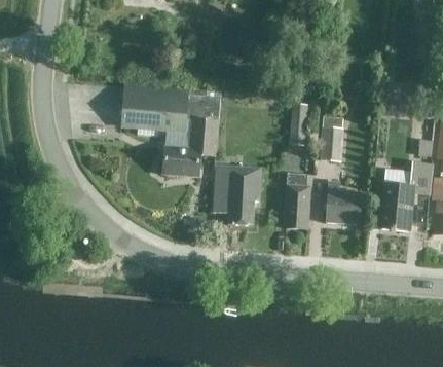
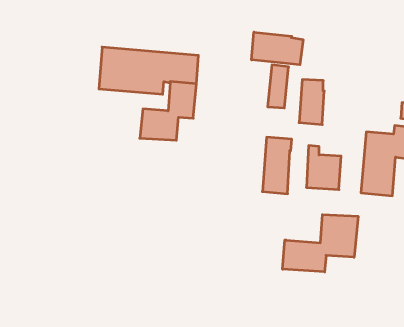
building: none -> [252,32,303,65]
building: [213,164,260,225] -> none
building: none -> [283,215,358,272]

